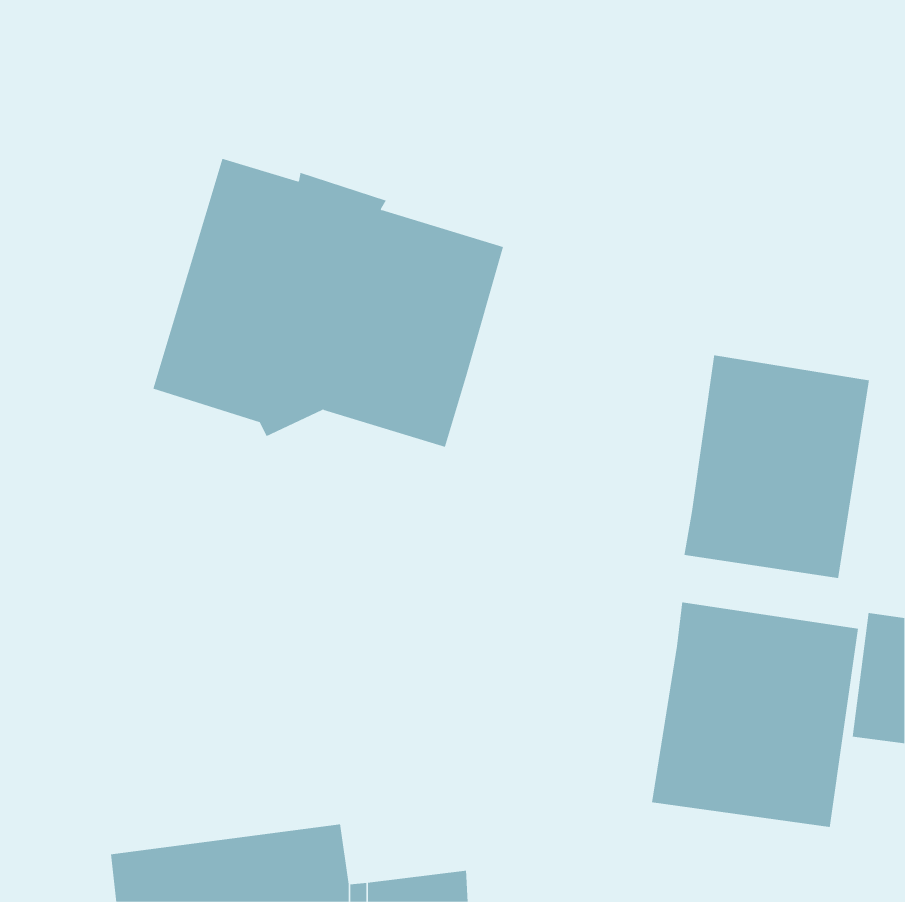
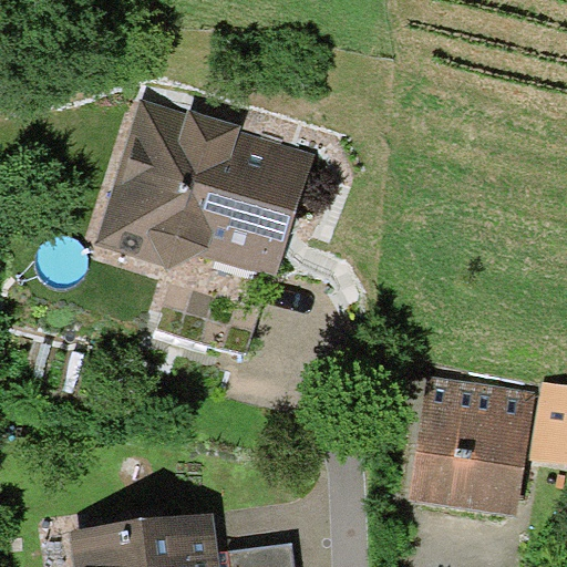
building: [684,355,870,579] -> none

